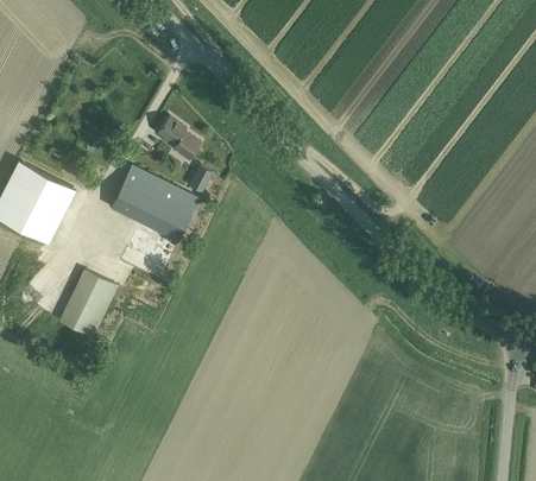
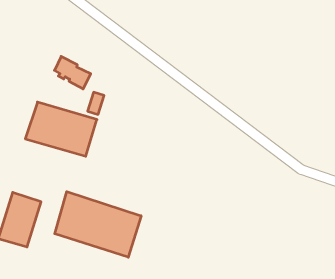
building: none -> [55,192,141,257]

